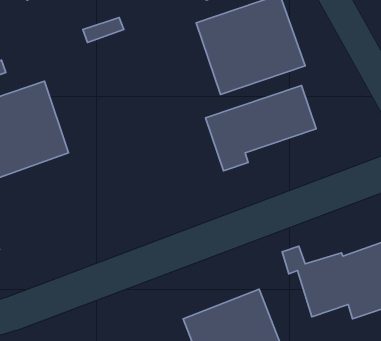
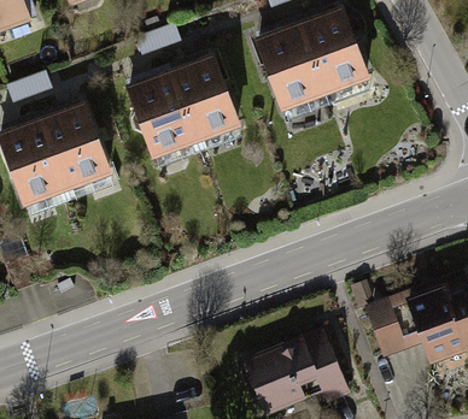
building: none -> [123,52,242,163]
building: [206,86,316,171] -> none

